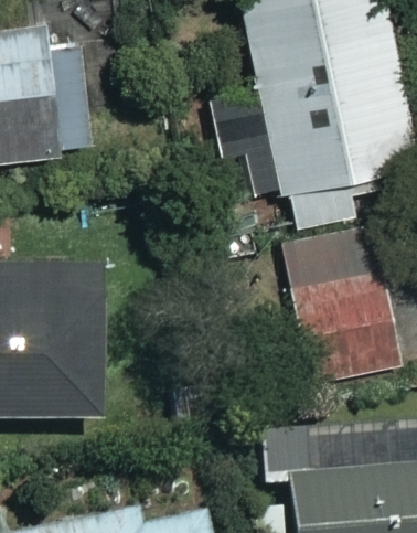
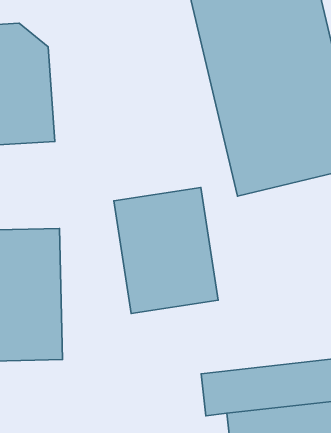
building: [280,235,400,381] -> [114,187,218,314]

